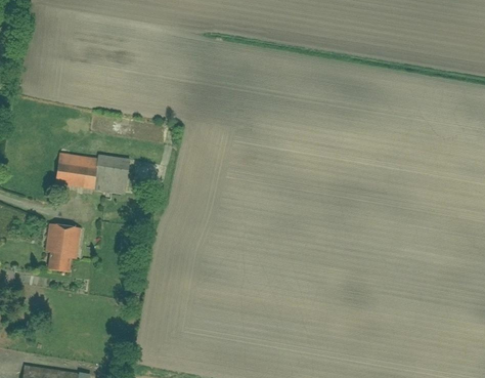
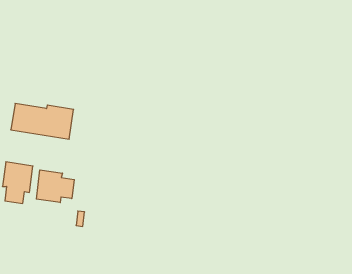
building: none -> [36,170,74,203]

